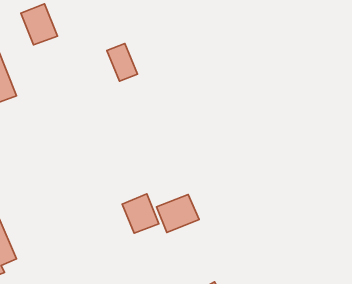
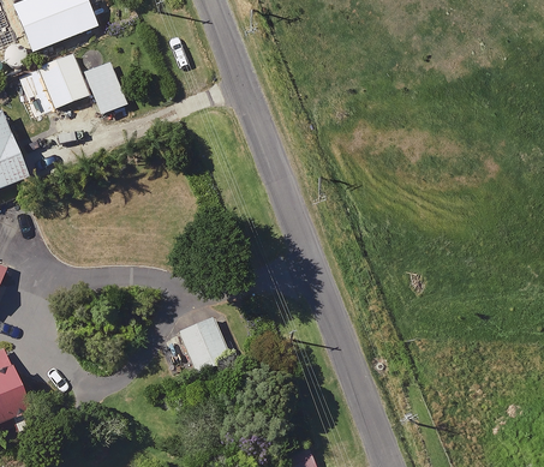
building: [107,44,138,81] -> [83,61,126,114]
building: [157,195,199,232] -> none

